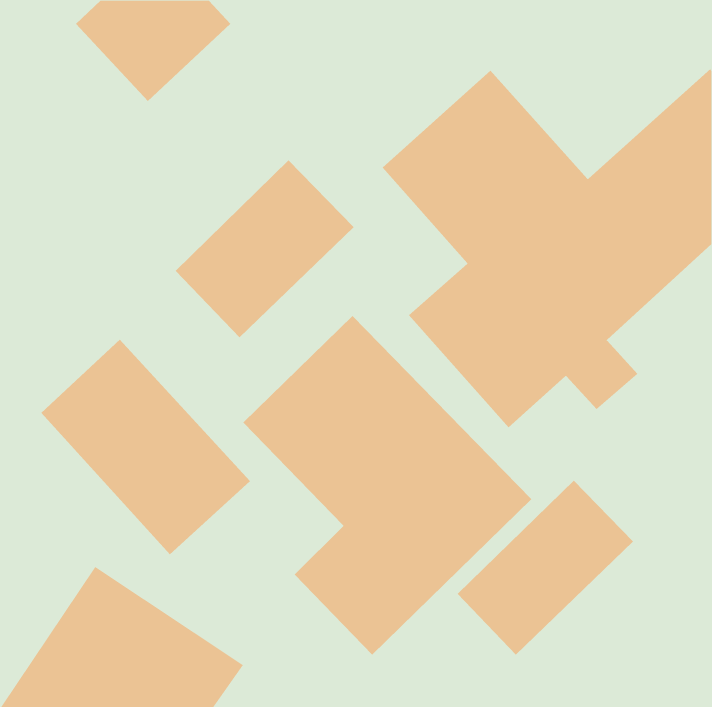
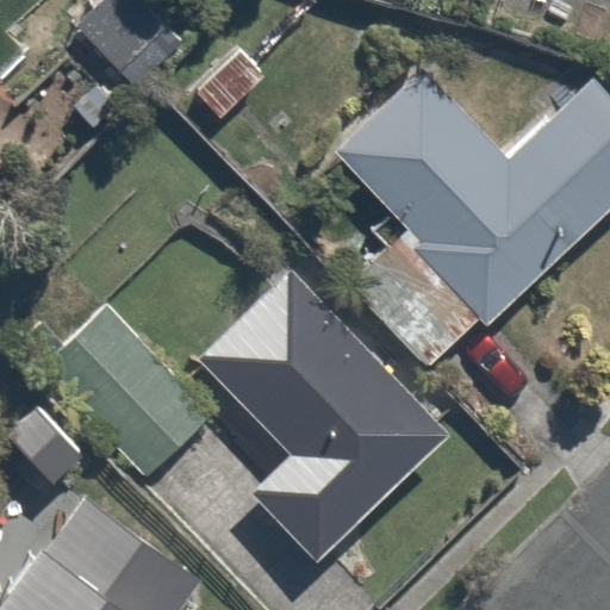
building: [175,159,354,338] -> none
building: [457,480,634,656] -> none

